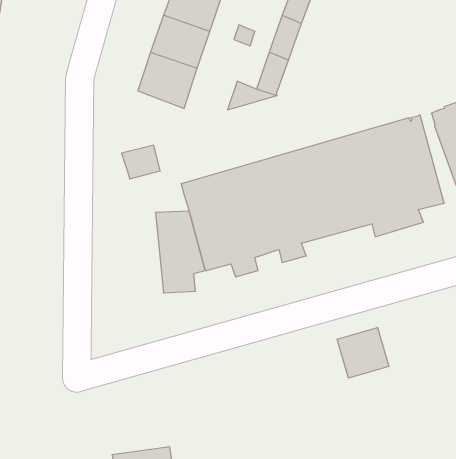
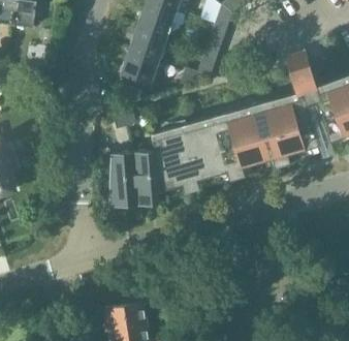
building: none -> [288,58,319,95]
building: none -> [113,154,138,208]
building: [337,327,389,378] -> none

